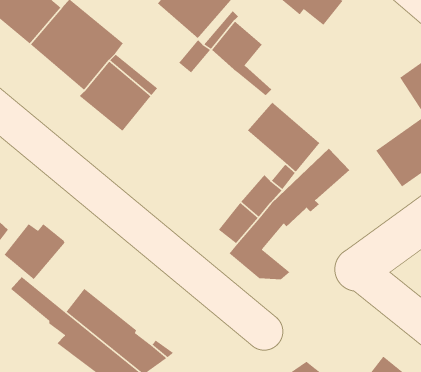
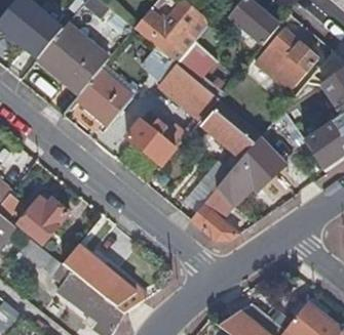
building: none -> [255,28,317,92]
building: none -> [165,70,219,115]
building: none -> [128,114,188,165]

